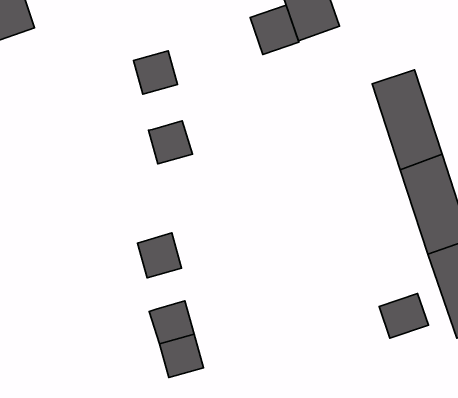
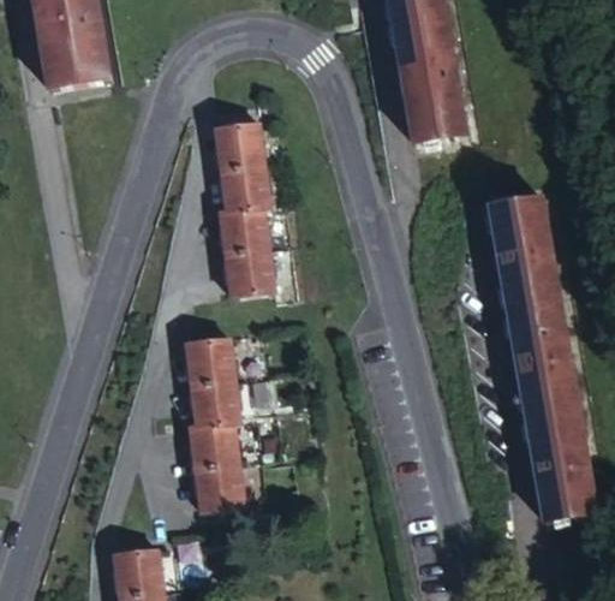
building: [250,5,299,55] -> none
building: none -> [222,168,269,216]
building: none -> [227,252,274,299]
building: none -> [193,383,240,427]
building: [379,294,428,338] -> none

